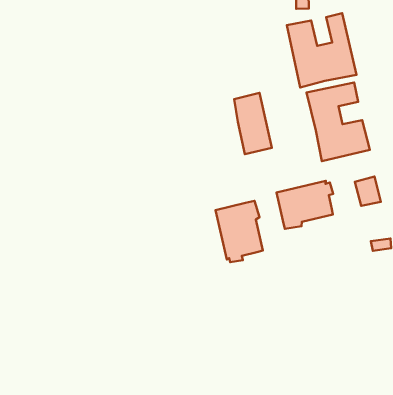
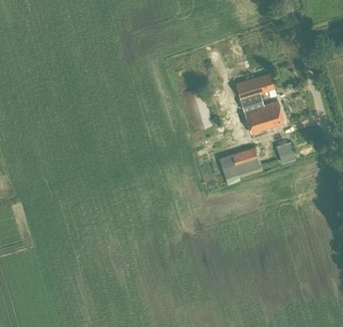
building: [287,13,356,88] -> none
building: [215,201,263,262] -> none

